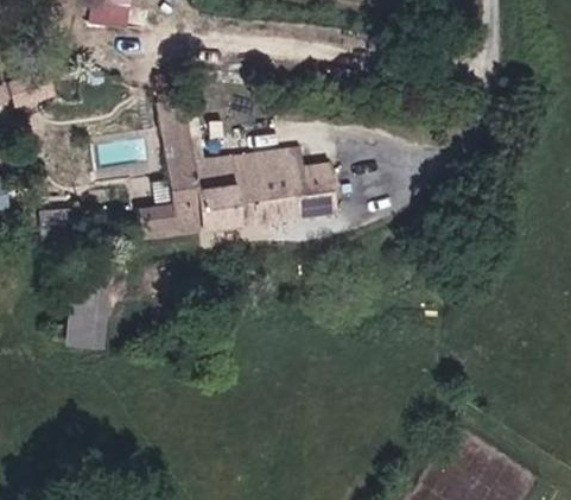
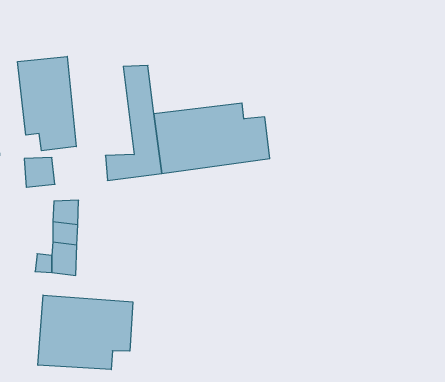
building: none -> [18,56,76,151]
building: none -> [38,295,133,370]

